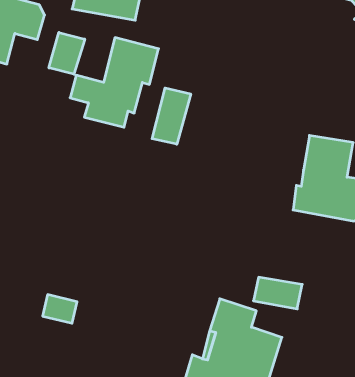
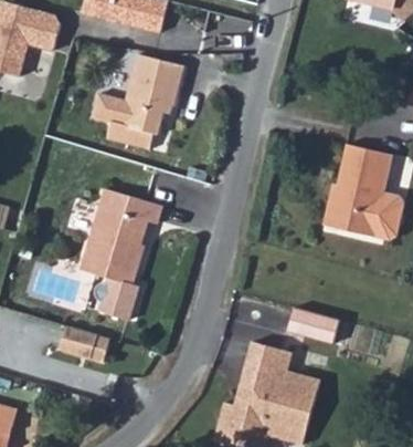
building: [49,32,85,74] -> none
building: [152,88,191,144] -> none
building: none -> [72,185,149,320]

